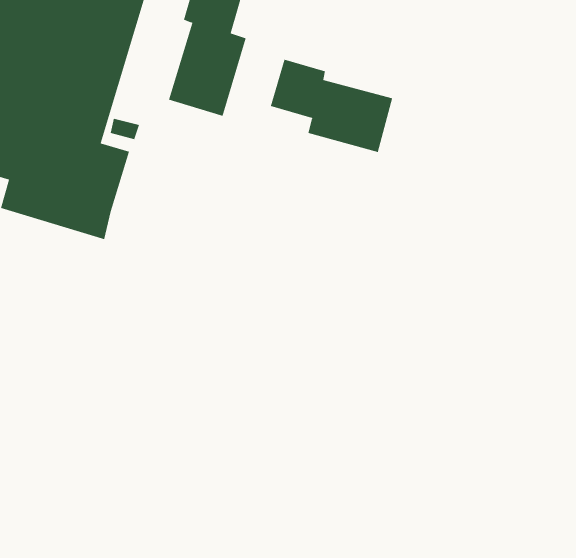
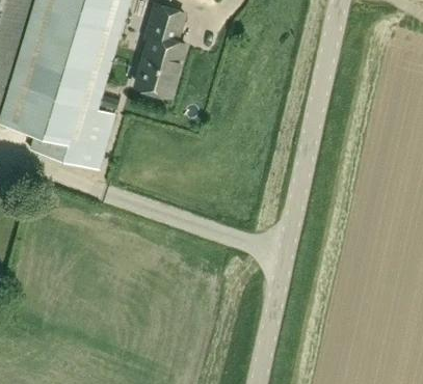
building: [270,59,393,153] -> none

